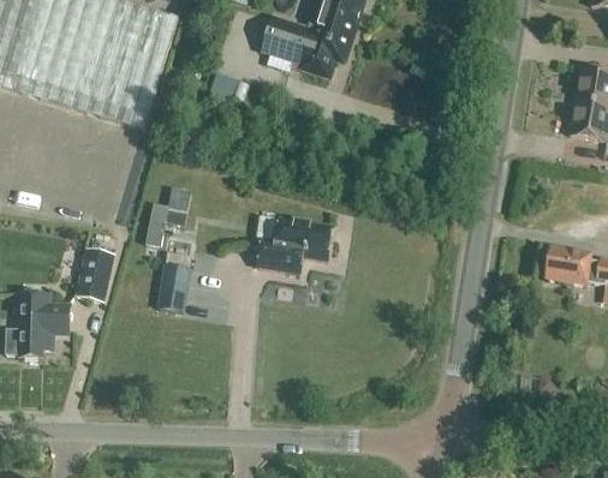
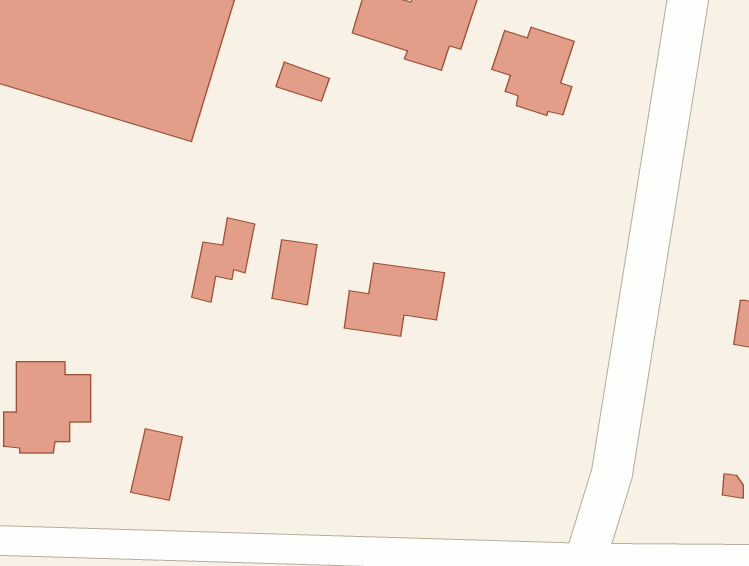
building: none -> [492,27,574,116]
building: [74,249,113,301] -> [131,429,182,500]
building: [156,264,190,312] -> [272,240,317,305]

